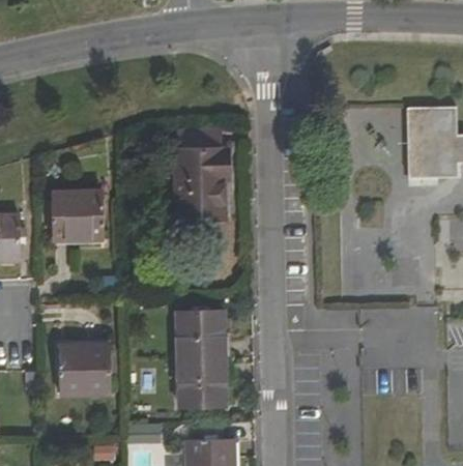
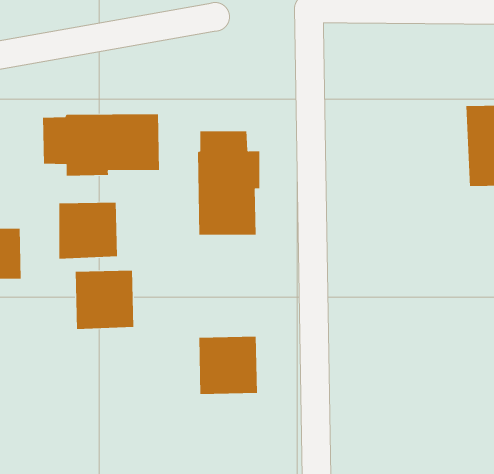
building: none -> [43,113,160,177]
building: [58,345,110,397] -> [75,270,134,330]
building: [175,359,227,409] -> none

